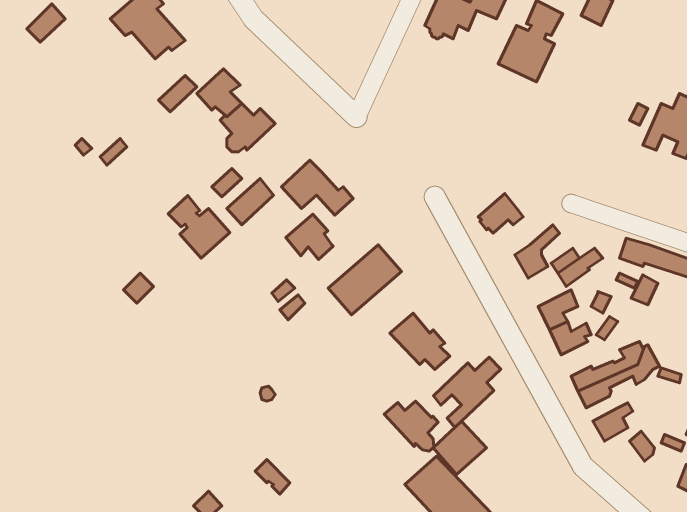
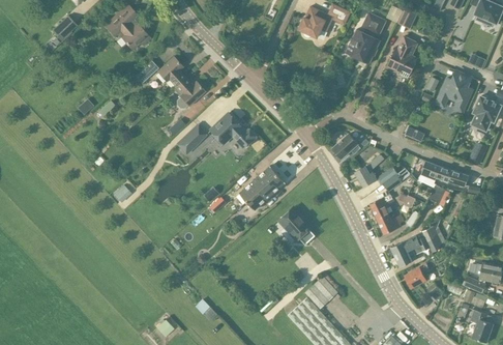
building: none -> [387,37,417,79]
building: [168,196,230,258] -> none
building: [286,214,333,259] -> none
building: [433,357,501,427] -> none
building: [384,401,438,451] -> none

